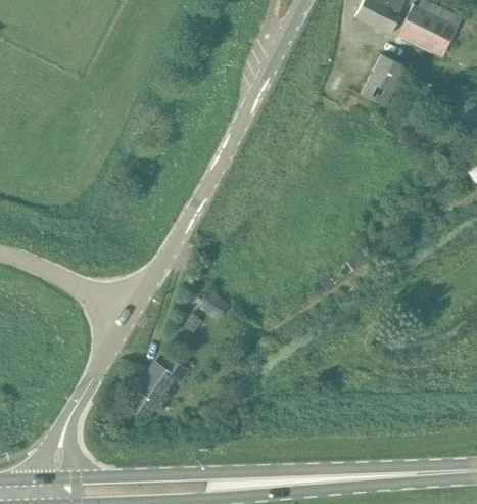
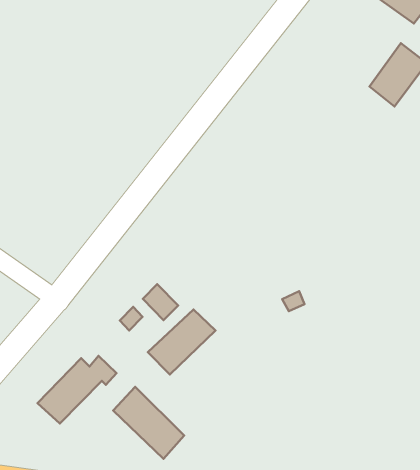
building: none -> [148,310,215,375]
building: none -> [113,387,184,459]

